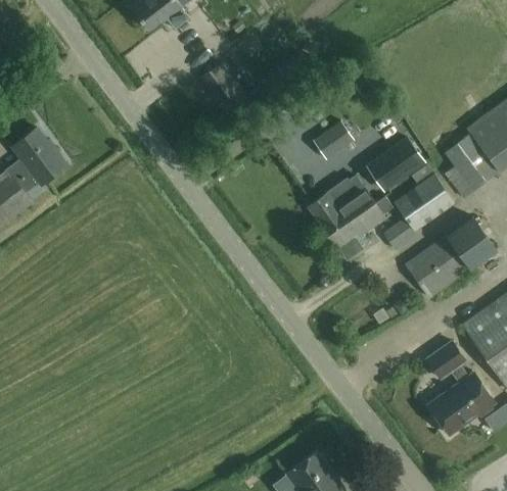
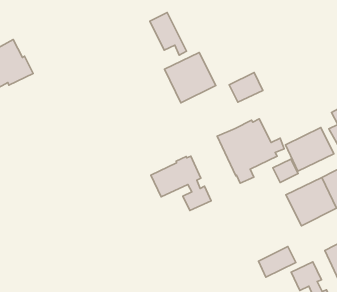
building: none -> [164,53,216,103]
building: [367,138,424,190] -> none
building: none -> [151,156,211,211]
building: none -> [259,246,296,277]

